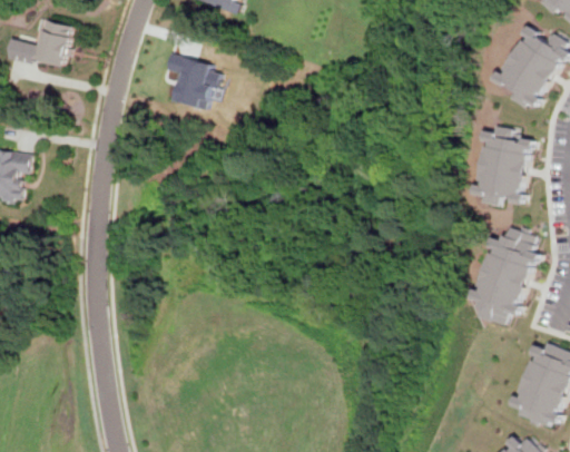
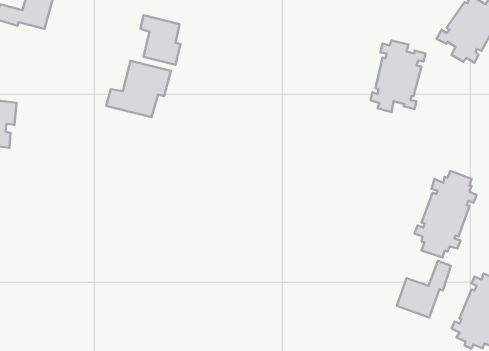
building: none -> [106,61,171,117]
building: [474,125,535,205] -> [370,40,425,112]
building: none -> [397,261,451,317]

